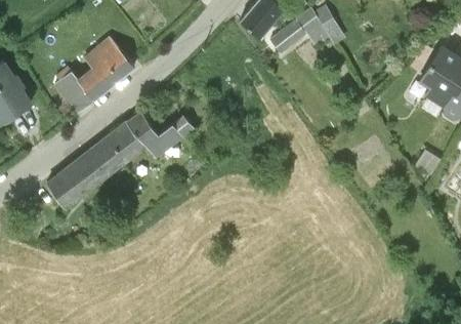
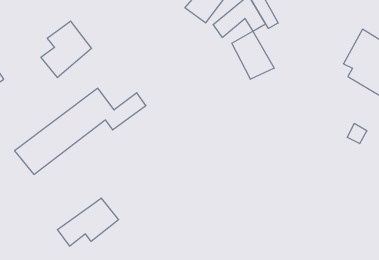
building: none -> [232,31,274,79]
building: [52,70,94,114] -> none
building: none -> [57,198,119,246]

